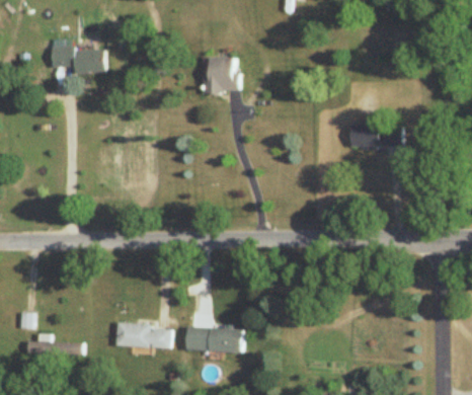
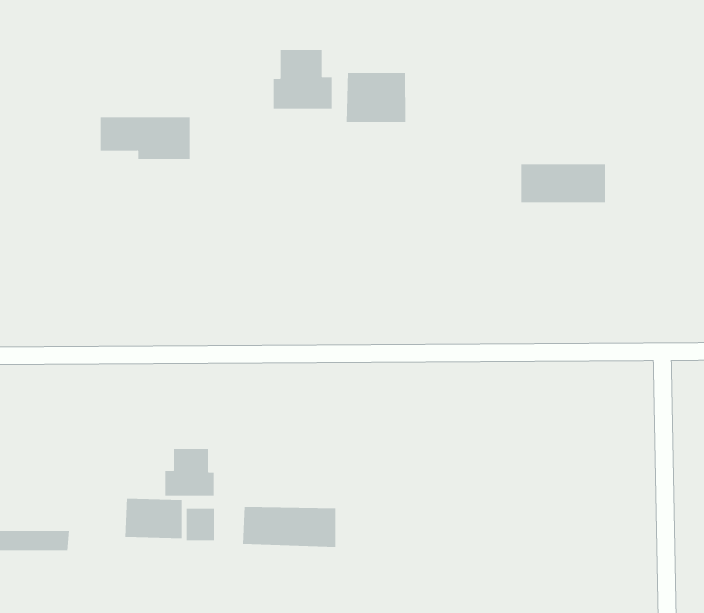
building: [52,47,105,72] -> [100,117,190,160]
building: none -> [346,72,406,123]
building: none -> [165,448,214,497]

